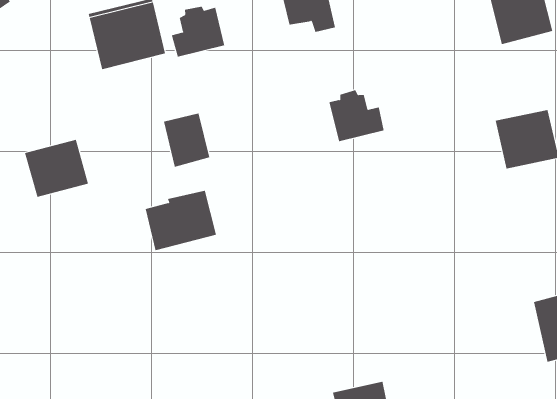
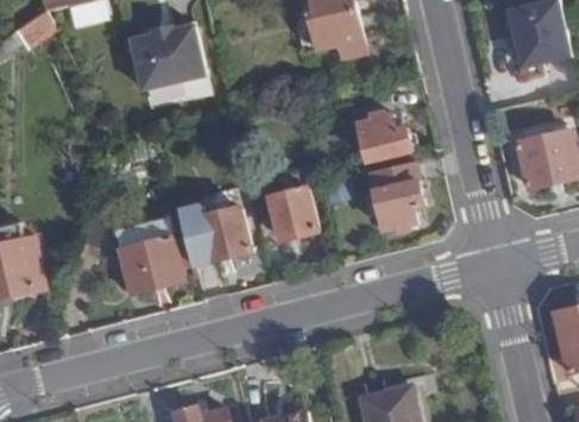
building: [171,6,225,58] -> none
building: [163,113,210,167] -> [270,187,315,239]
building: [24,139,89,198] -> [120,235,182,291]
building: none -> [366,159,423,233]

